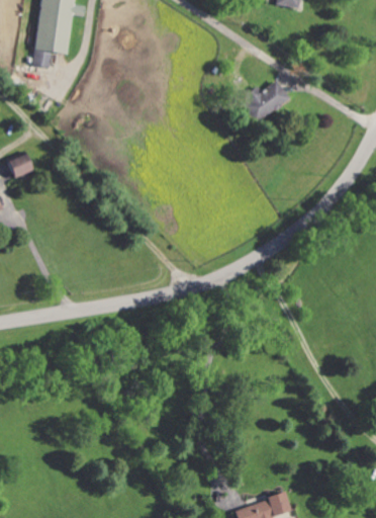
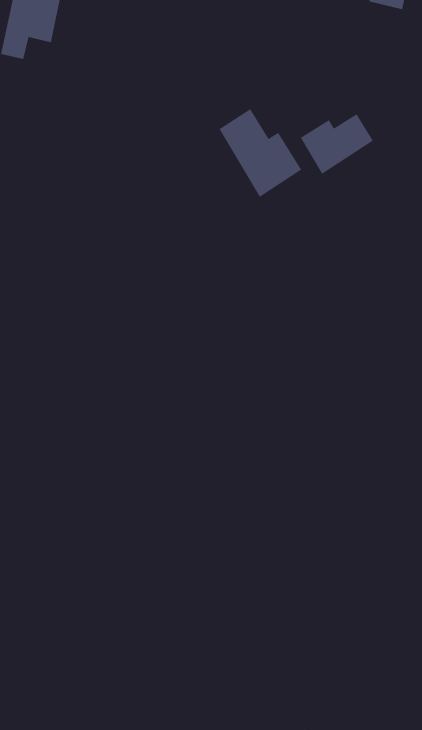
building: none -> [218,108,302,198]

